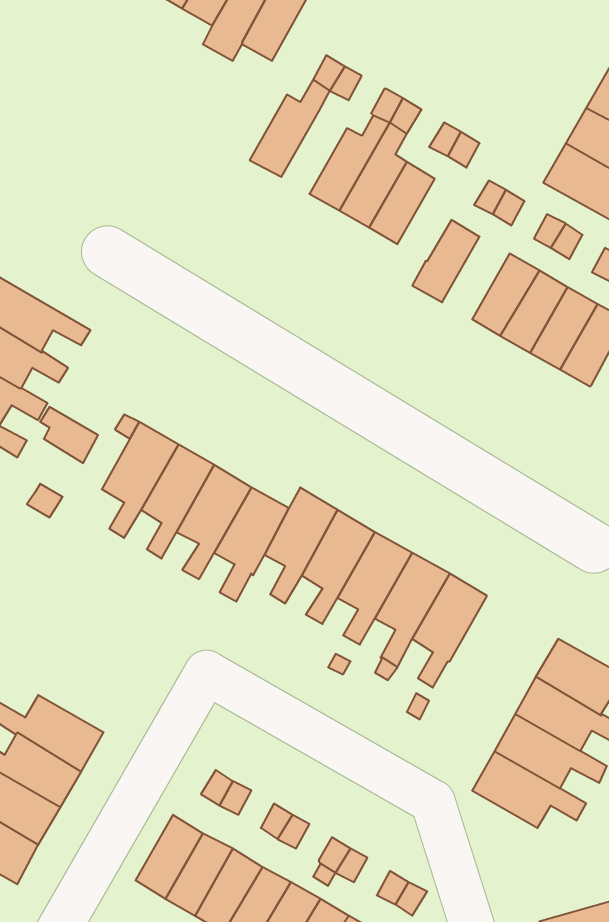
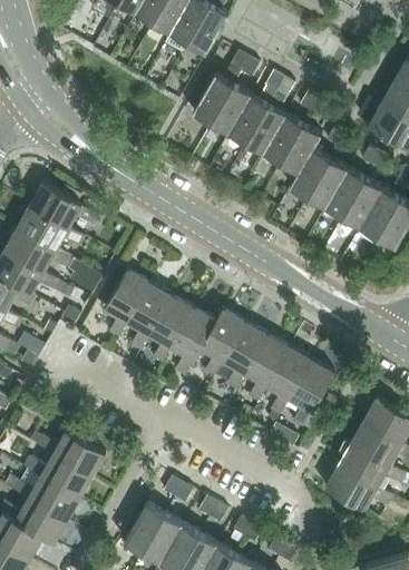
building: none -> [211,85,250,134]
building: none -> [280,125,321,174]
building: none -> [306,159,347,208]

